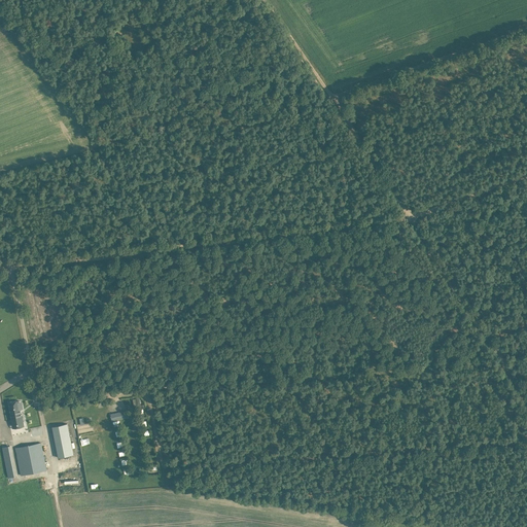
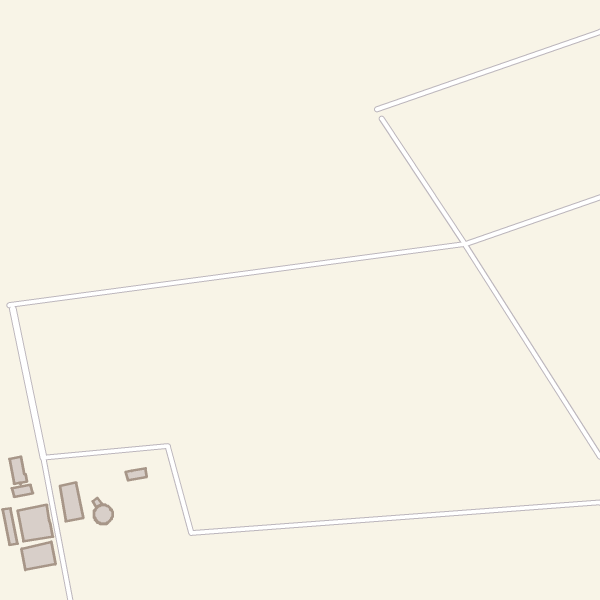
building: none -> [22,542,55,570]

